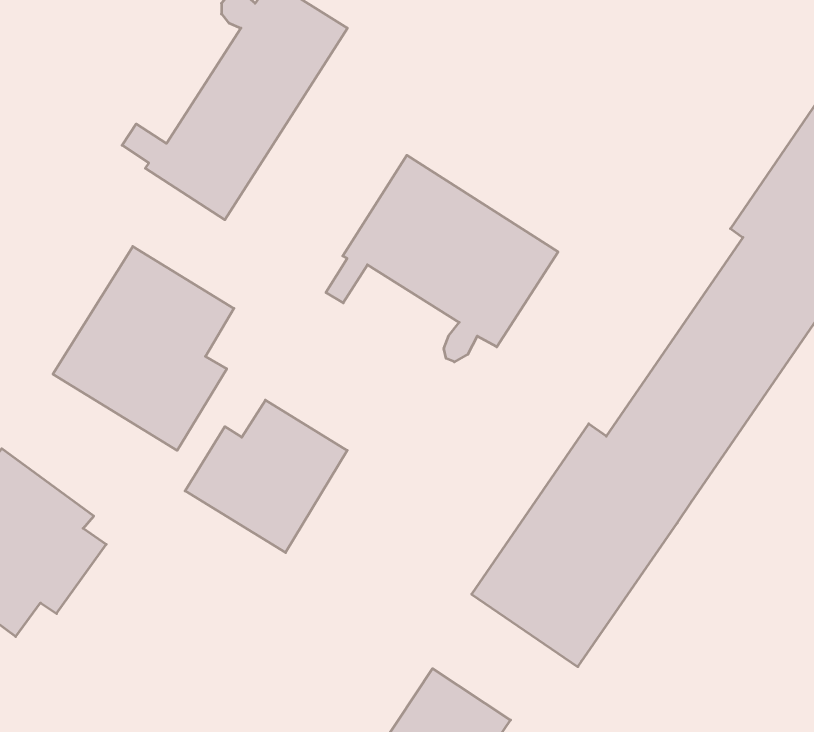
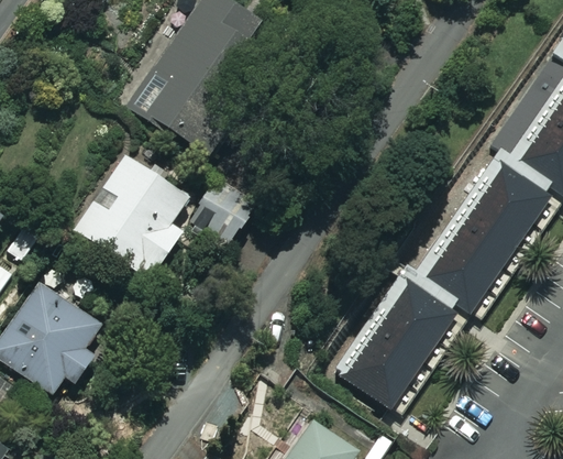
building: [326,155,558,362] -> none
building: [185,400,347,553] -> none

